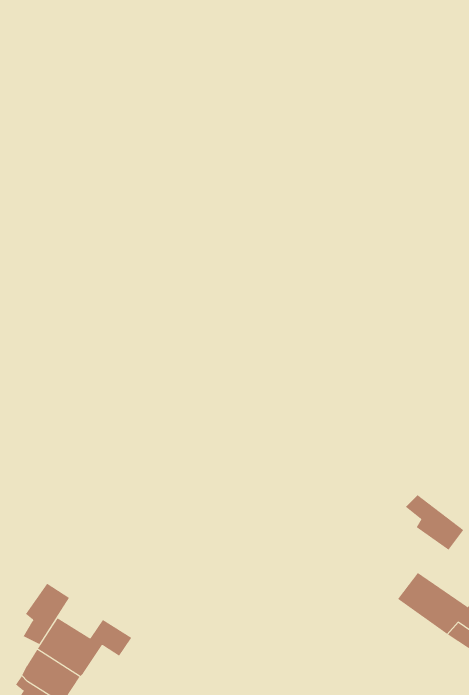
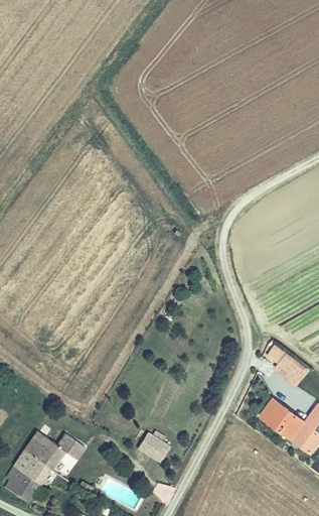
building: [23,583,70,645] -> none
building: none -> [137,431,171,463]

